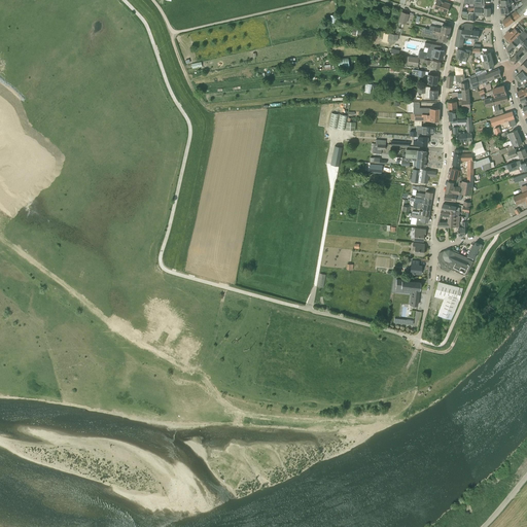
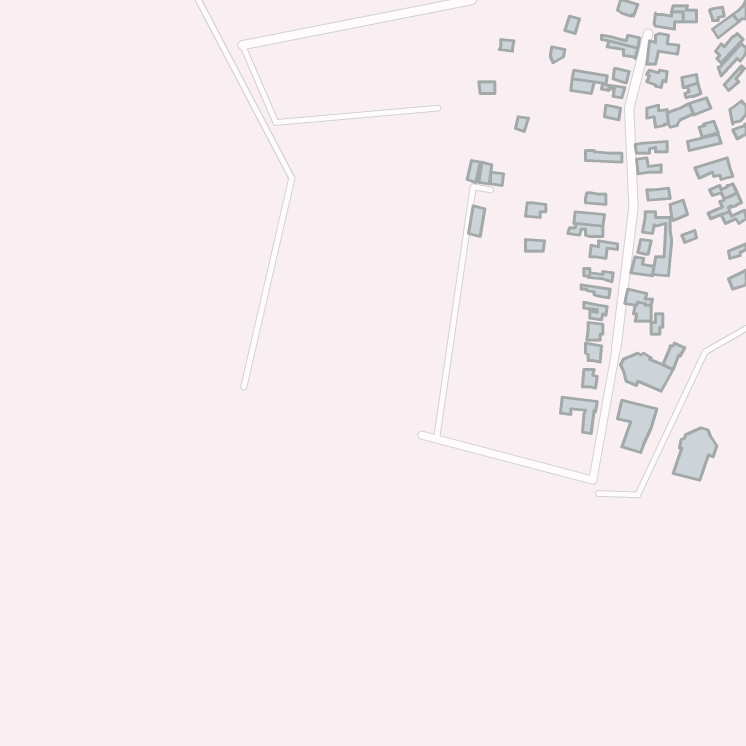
building: none -> [673,428,717,480]

